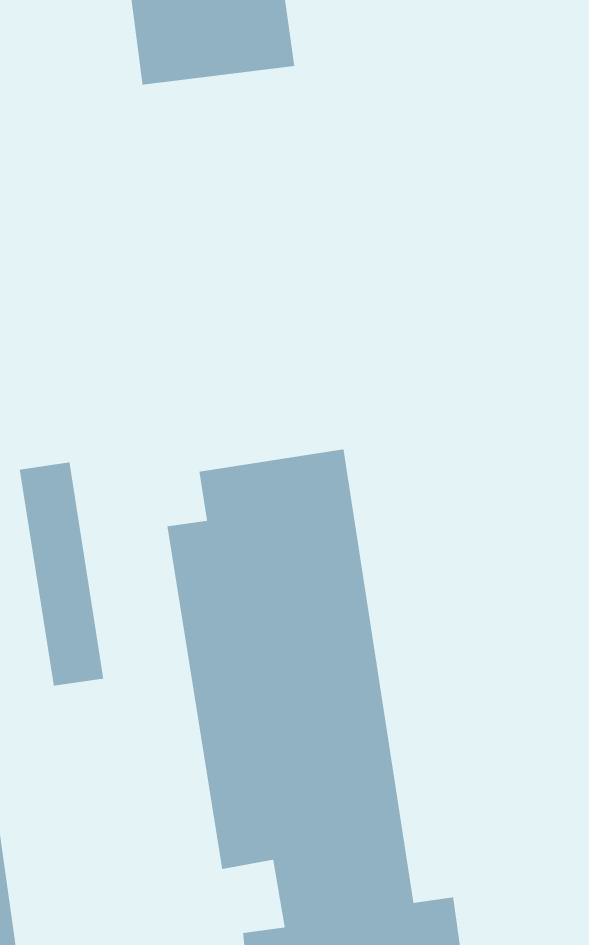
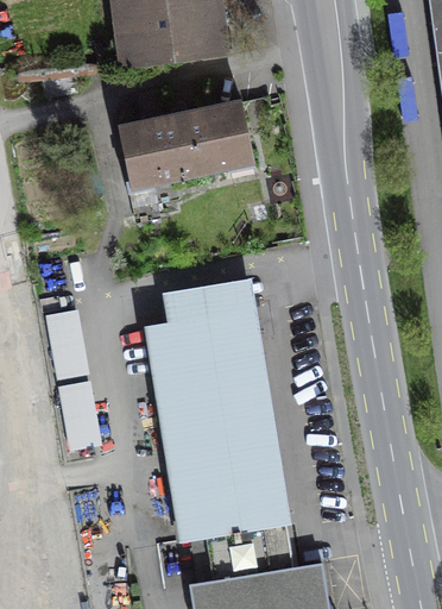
building: none -> [119,101,253,206]

